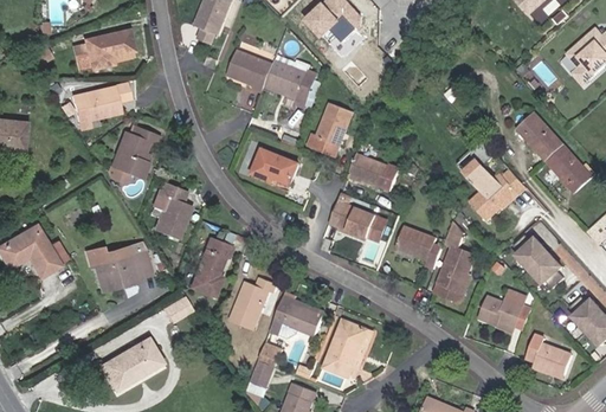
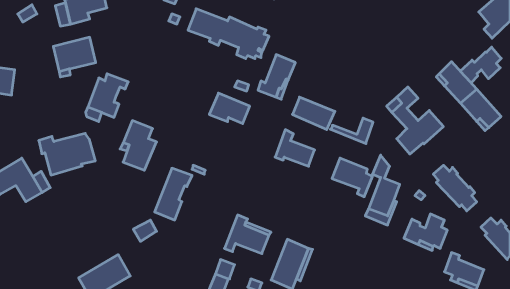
building: none -> [460,47,501,83]
building: [337,215,387,245] -> [330,118,373,144]
building: [85,243,152,291] -> [39,133,95,175]
building: [230,278,277,330] -> none

